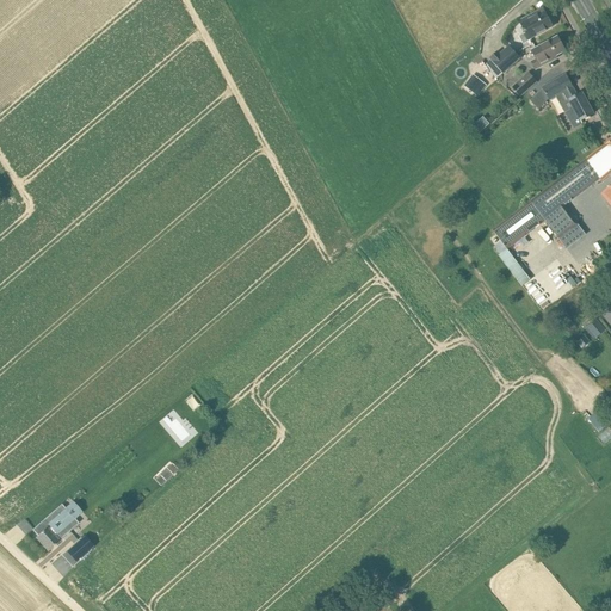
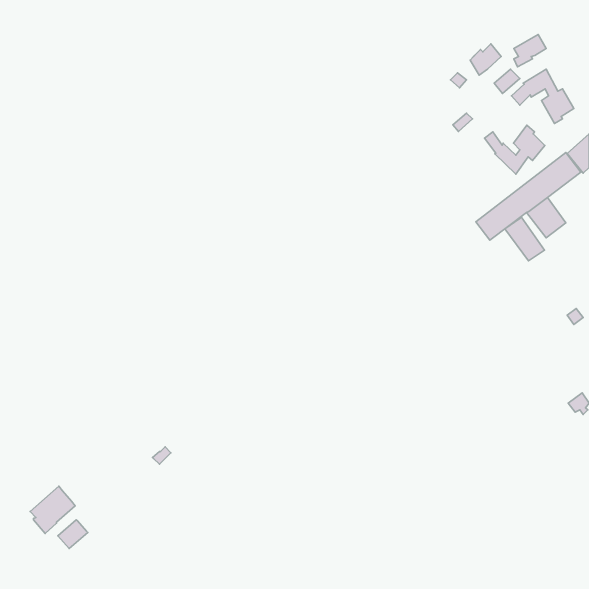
building: [519,7,551,38] -> none
building: none -> [484,125,545,174]
building: none -> [505,217,544,261]

